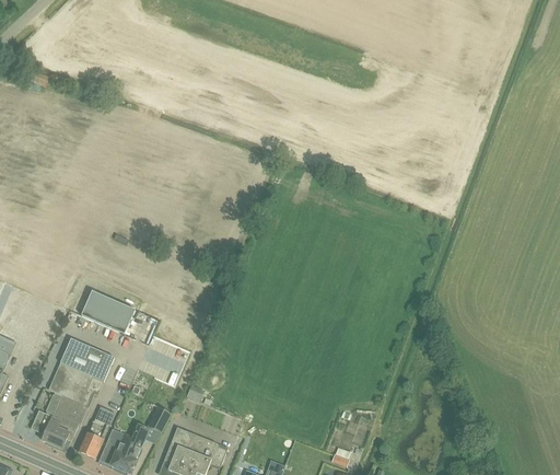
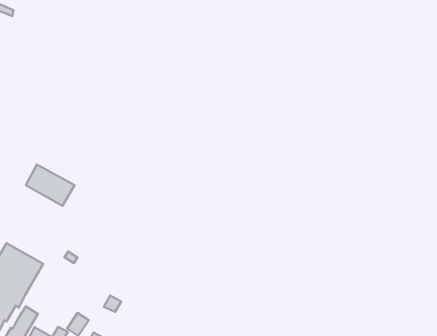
building: [81,291,135,334] -> [26,165,74,206]

